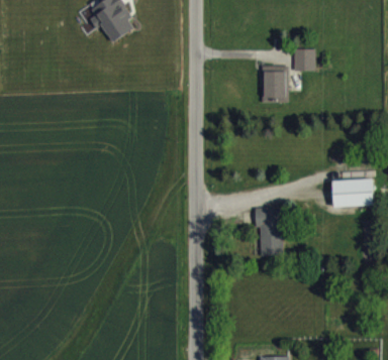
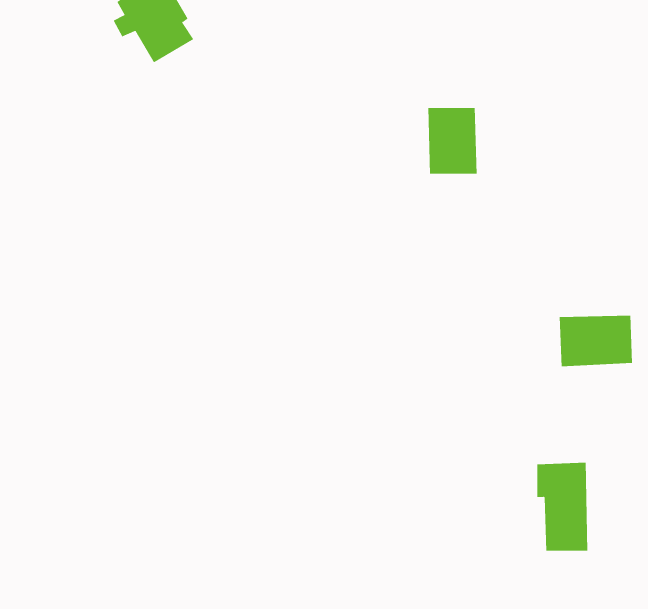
building: [293,48,314,70] -> none
building: [255,207,283,255] -> [536,462,588,551]

